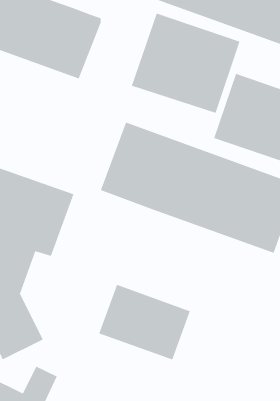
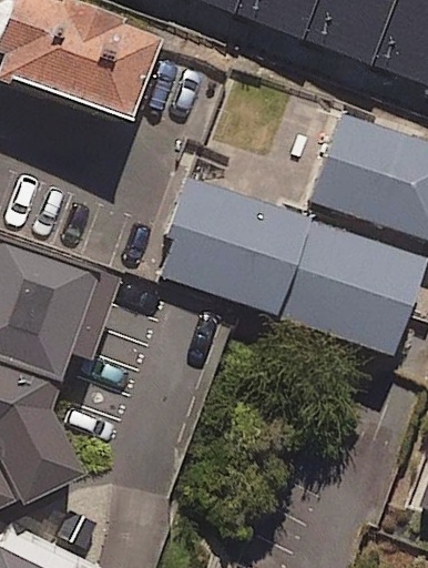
building: [131,12,241,114] -> none
building: [98,284,191,360] -> none

